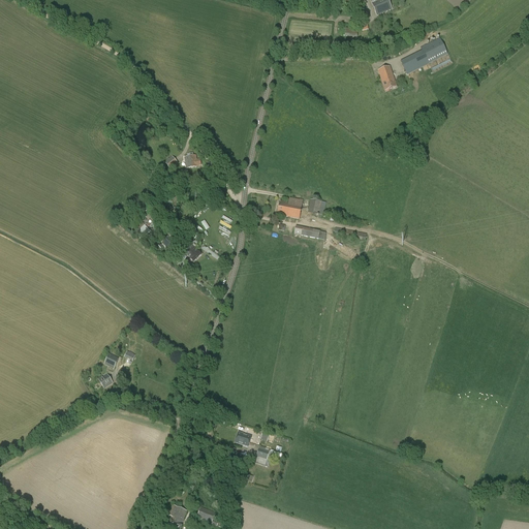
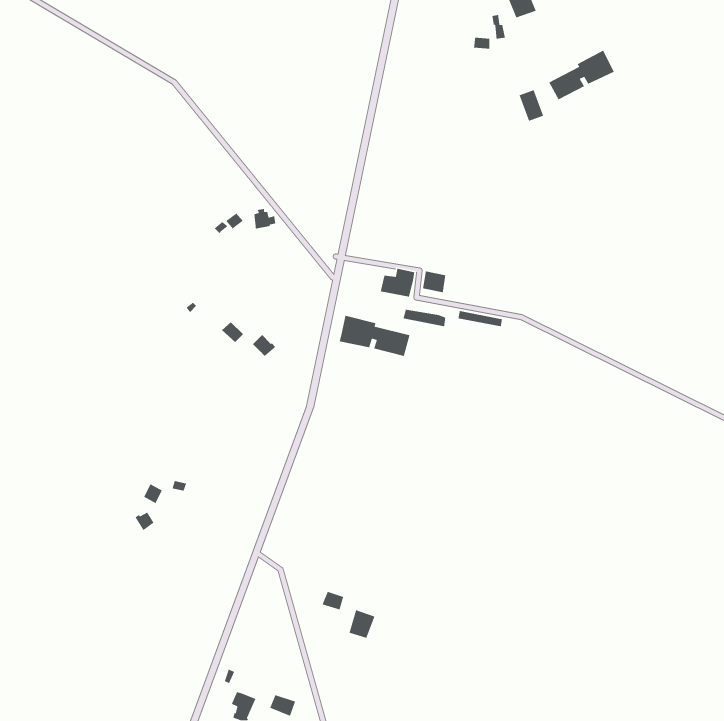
building: none -> [339,315,410,357]

